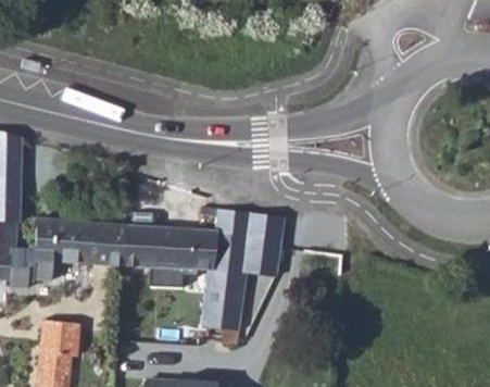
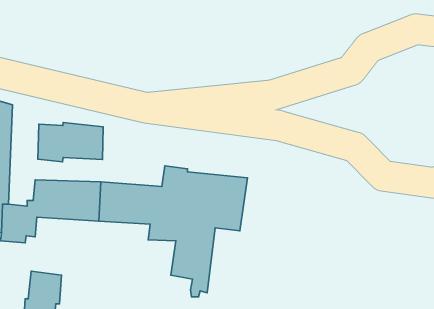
building: none -> [38,122,103,162]

